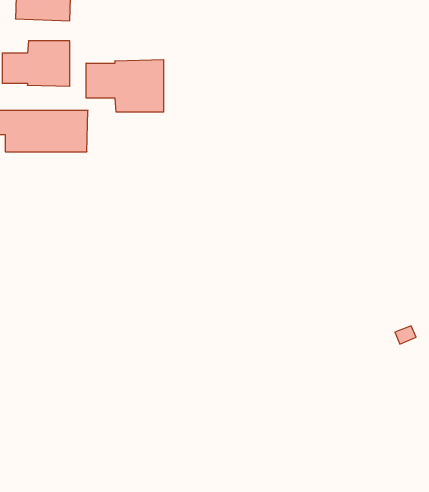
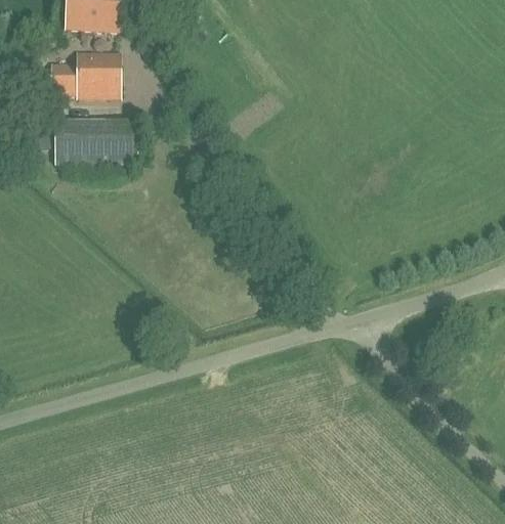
building: [86,60,164,112] -> none

